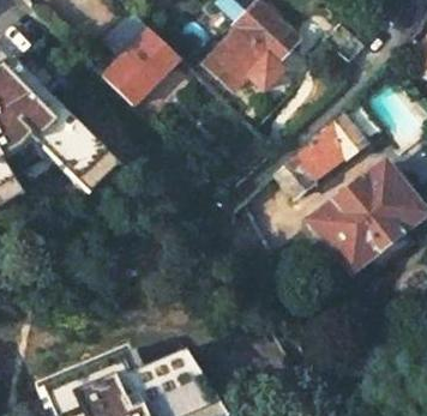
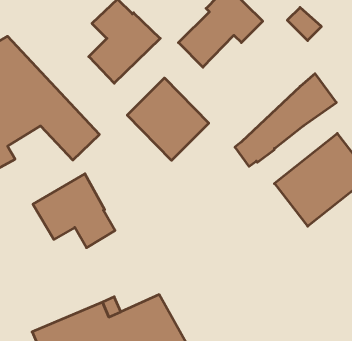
building: none -> [127,78,209,160]
building: none -> [33,174,115,248]

